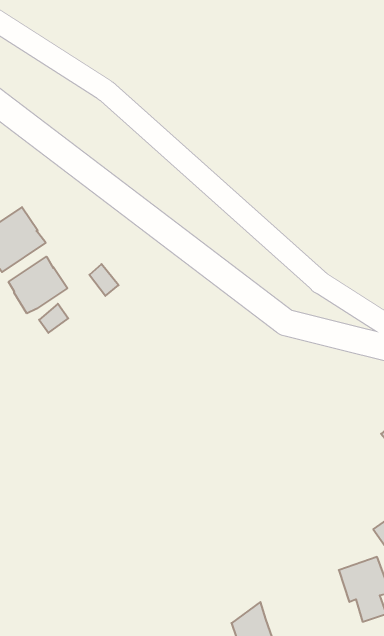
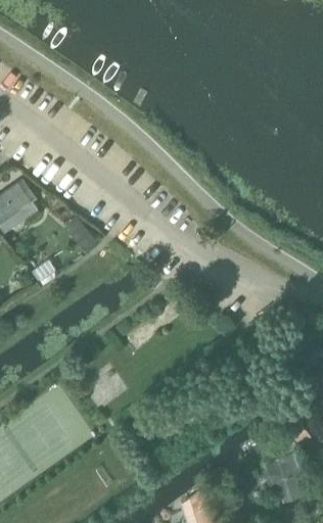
building: [9,257,67,313] -> none

